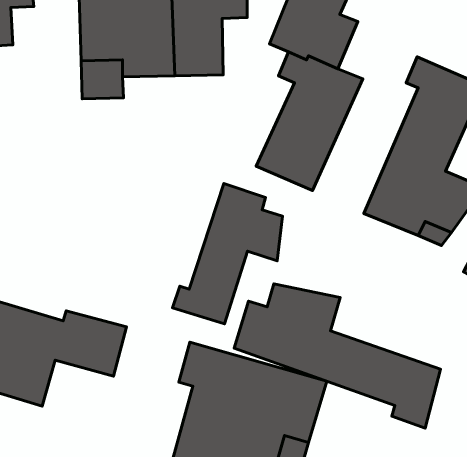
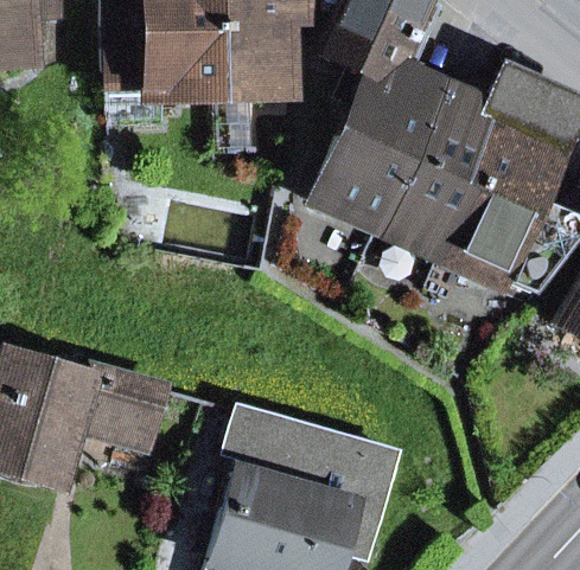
building: none -> [382,97,506,256]
building: [172,183,283,324] -> none
building: [234,284,441,428] -> none

